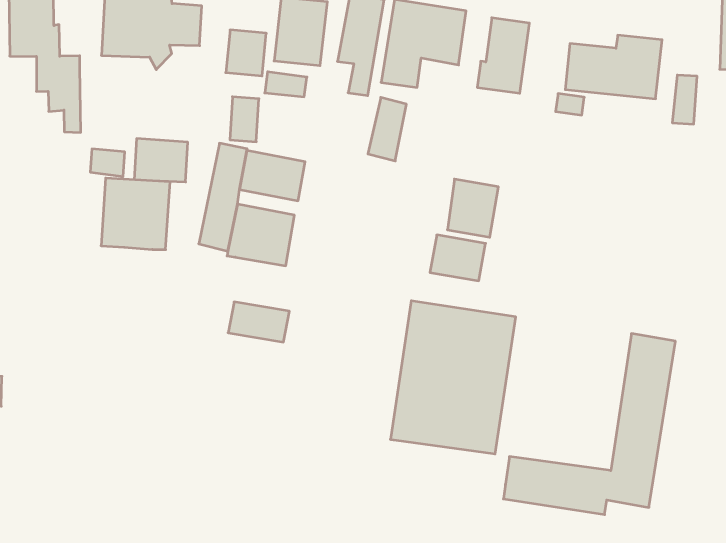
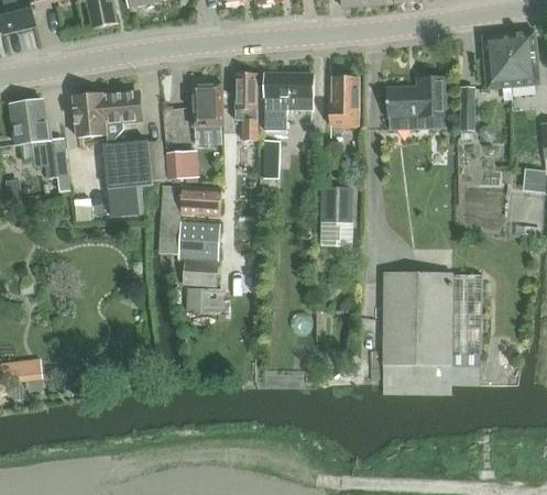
building: [101,178,170,250] -> [105,140,151,188]
building: none -> [183,257,218,286]
building: [390,301,516,454] -> [381,271,452,364]

